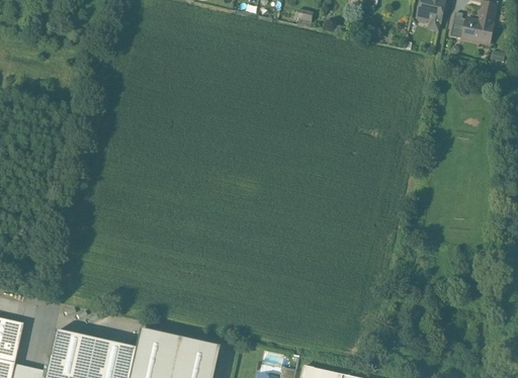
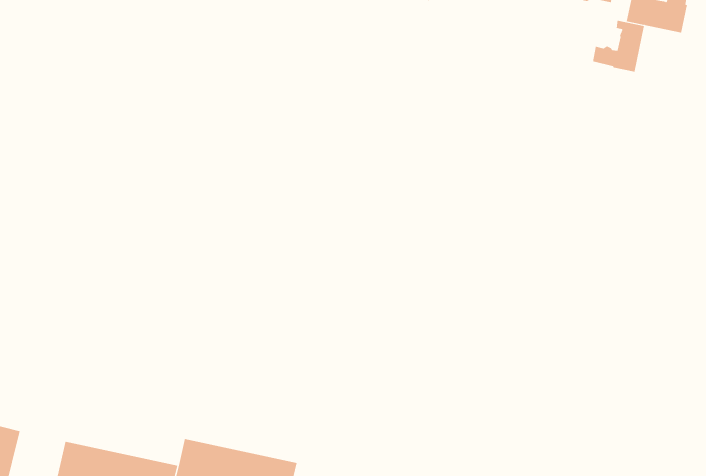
building: none -> [593,20,645,73]

